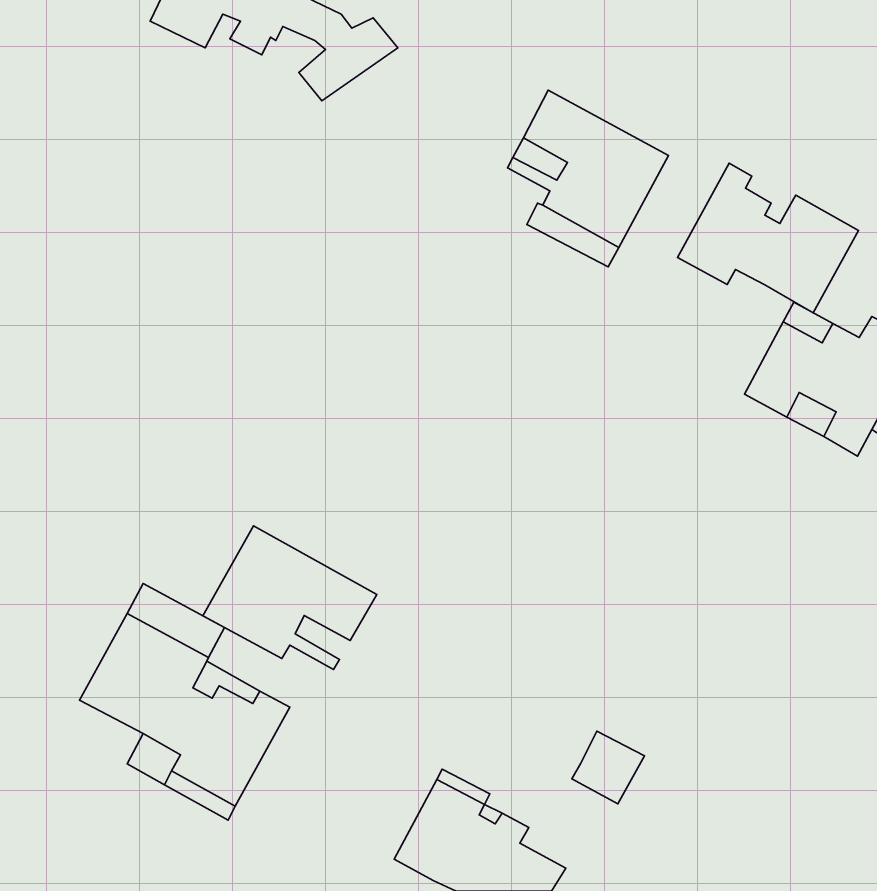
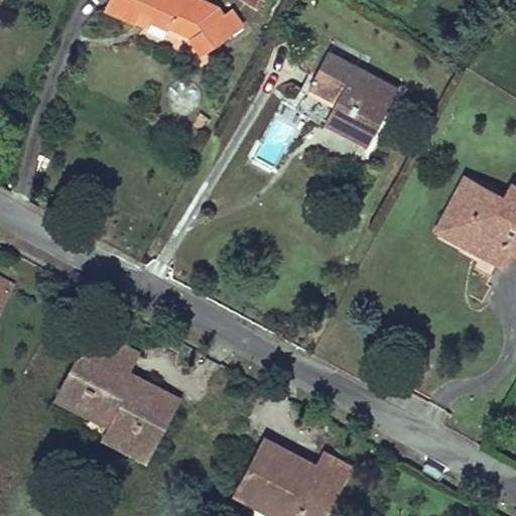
building: [677,163,858,313] -> none
building: [203,526,377,670] -> none
building: [572,731,644,804] -> [311,454,353,495]

